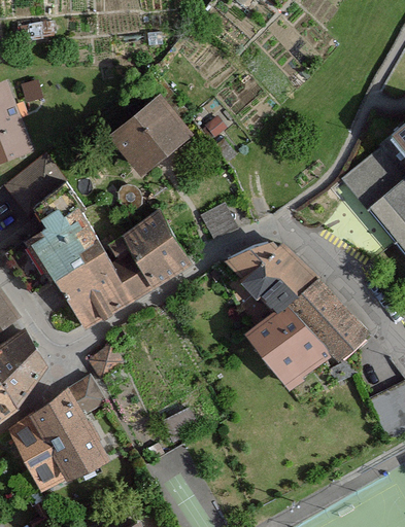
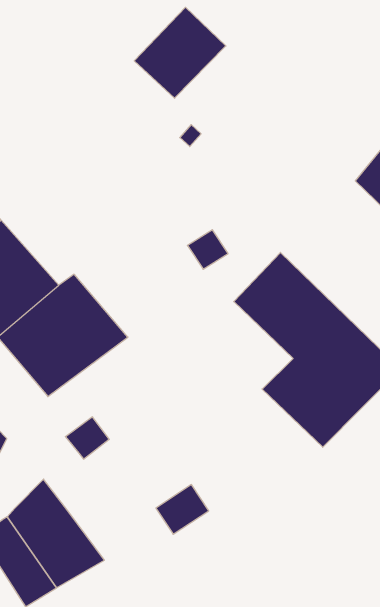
building: [113,102,189,174] -> [134,7,226,98]
building: [110,205,185,285] -> none
building: [66,377,107,419] -> none

